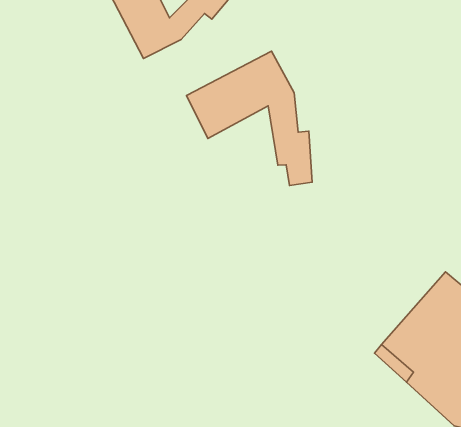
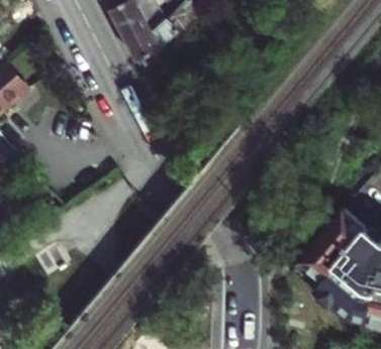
building: [186,51,312,185] -> none

